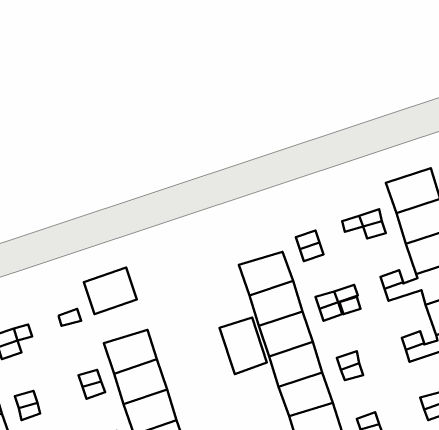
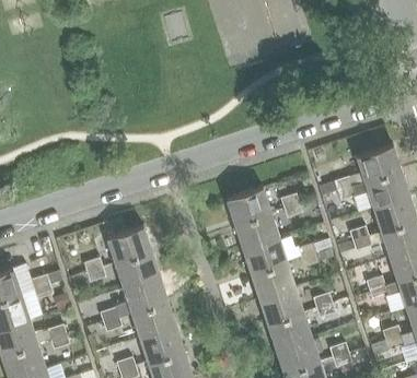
building: none -> [225,185,269,222]
building: none -> [114,250,158,286]
building: [219,317,267,374] -> none

